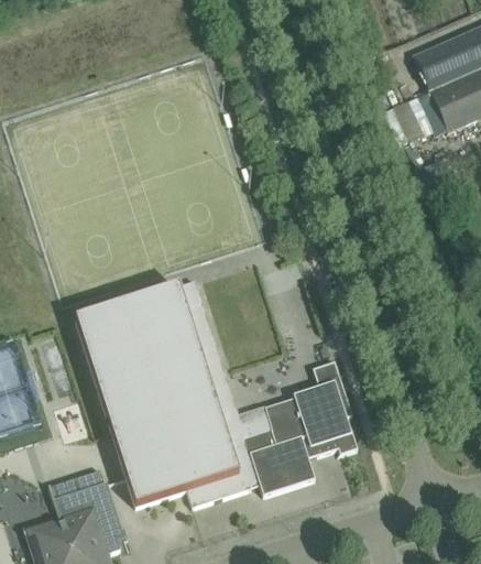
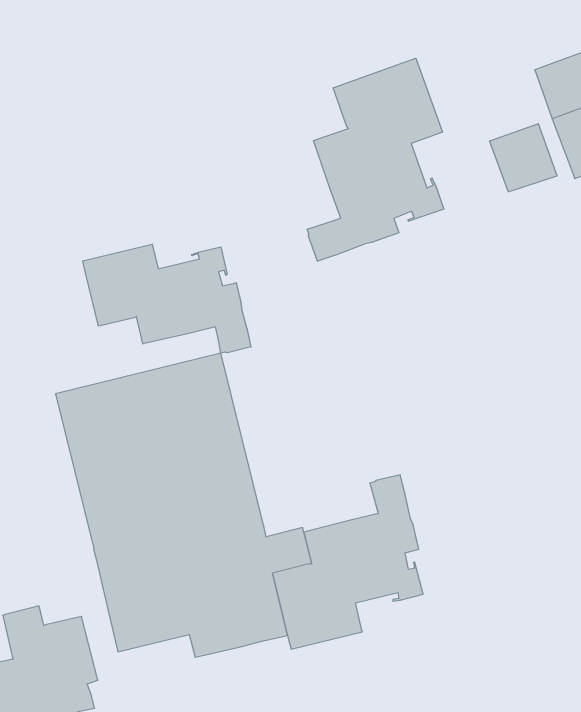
building: none -> [307,58,444,261]
building: none -> [83,244,251,353]

